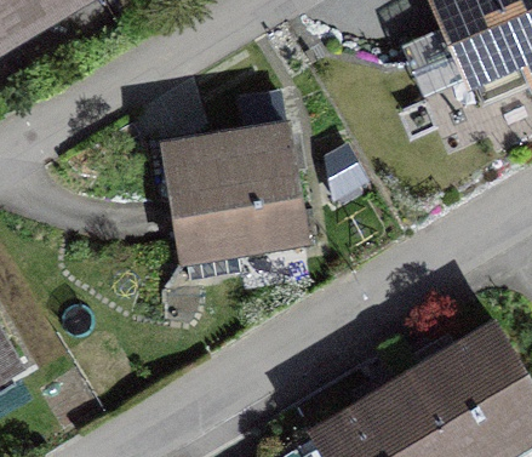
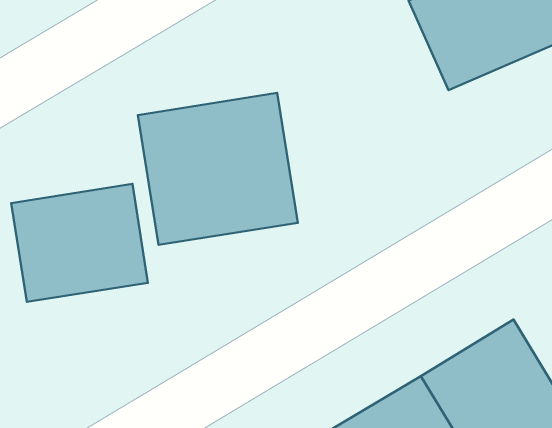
building: none -> [11,184,148,302]

